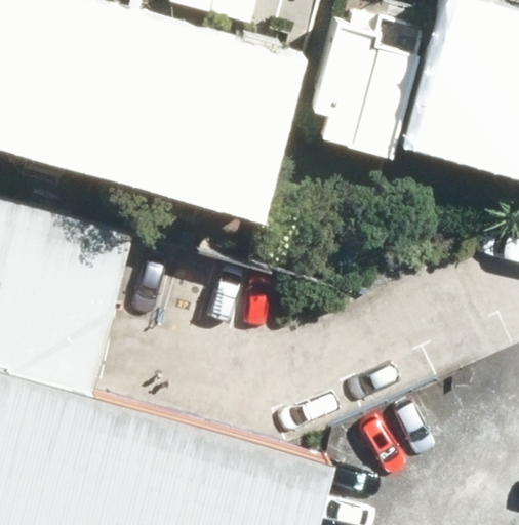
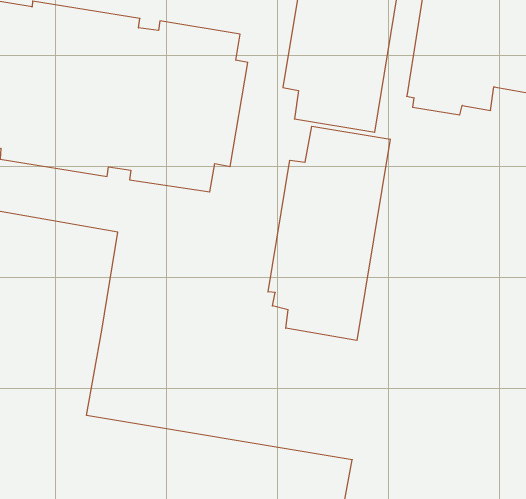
building: none -> [268,126,390,340]

